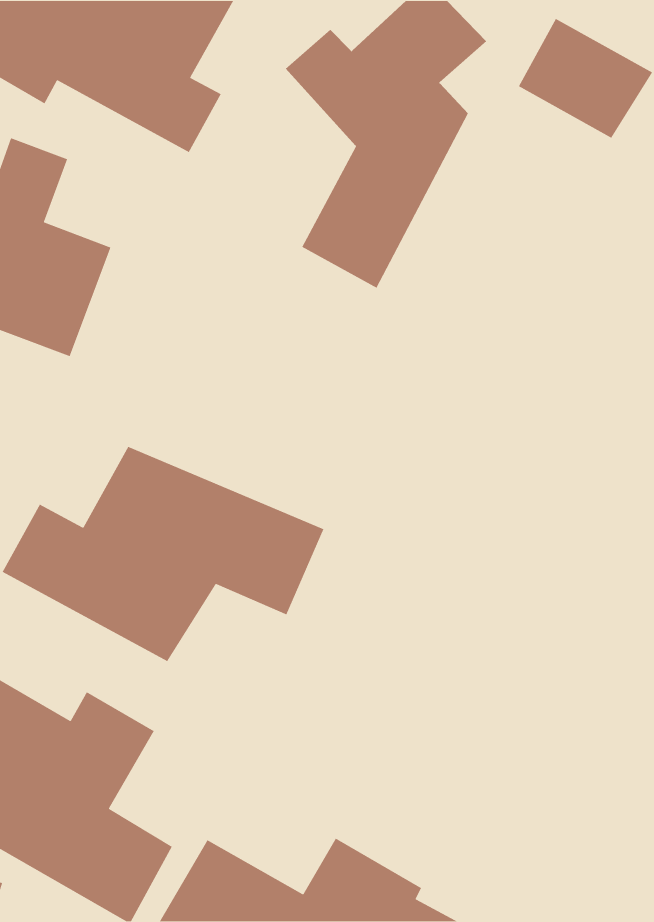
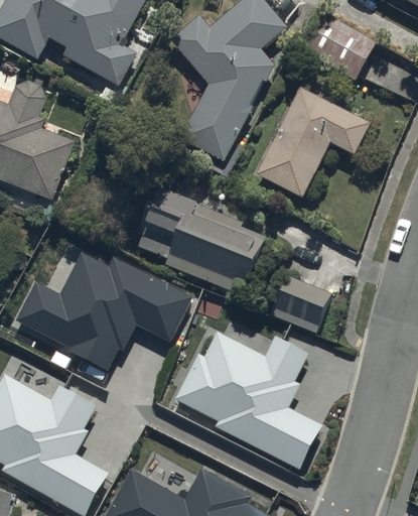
building: none -> [257,85,371,196]
building: none -> [134,189,269,295]
building: none -> [264,272,333,337]
building: none -> [171,328,324,469]

